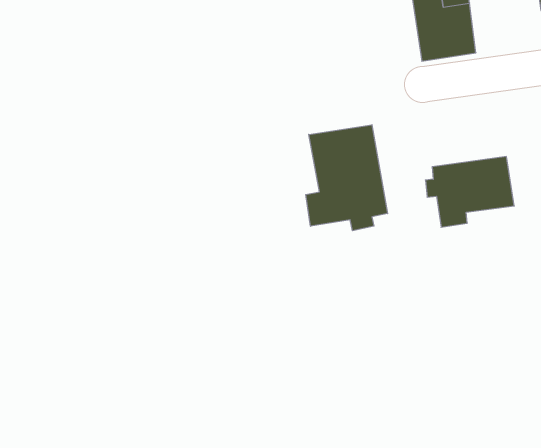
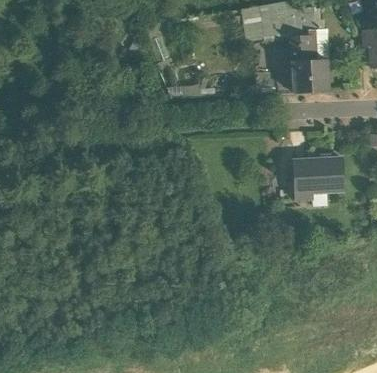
building: [306,125,388,231] -> none

